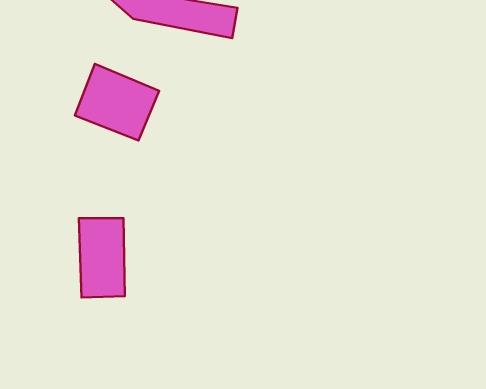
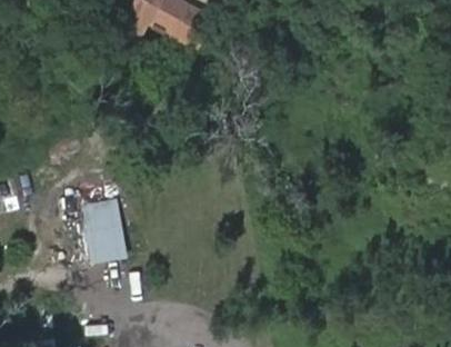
building: [75,64,159,141] -> none

